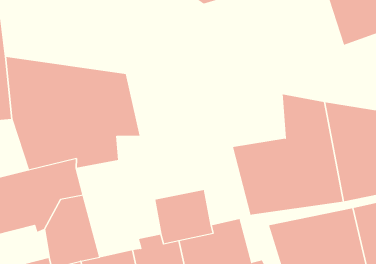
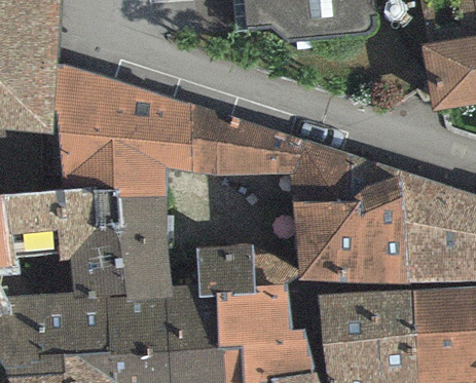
building: none -> [187,104,354,202]
building: none -> [115,197,172,300]

